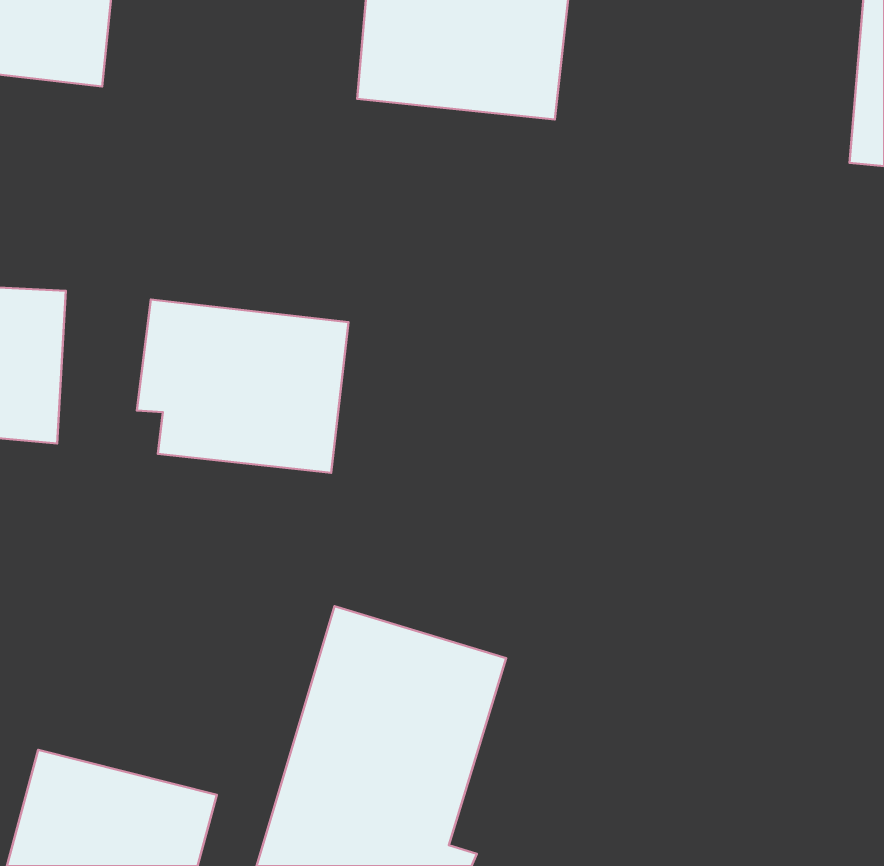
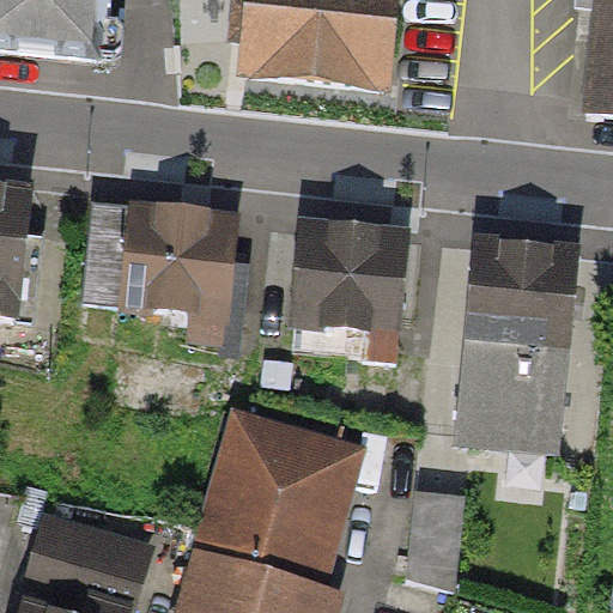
building: none -> [290,230,414,339]
building: none -> [455,235,578,445]
building: none -> [408,482,466,583]

